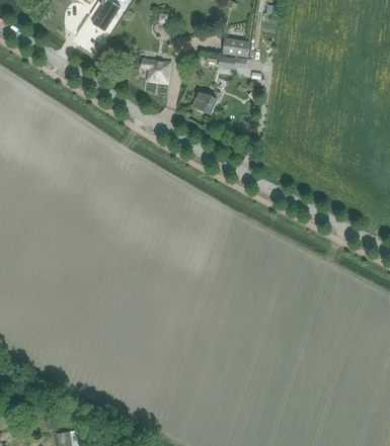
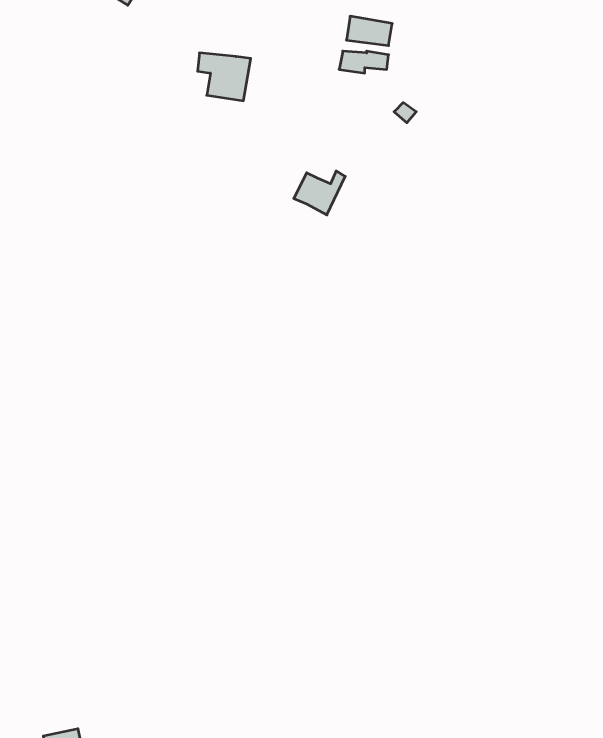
building: [191,90,220,114] -> [294,171,345,215]

